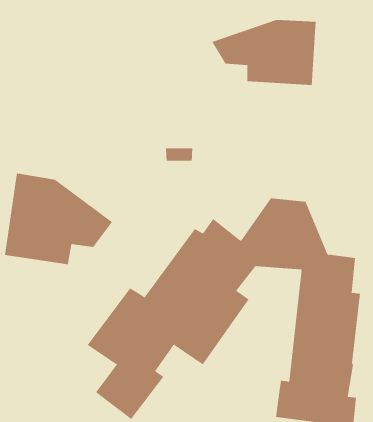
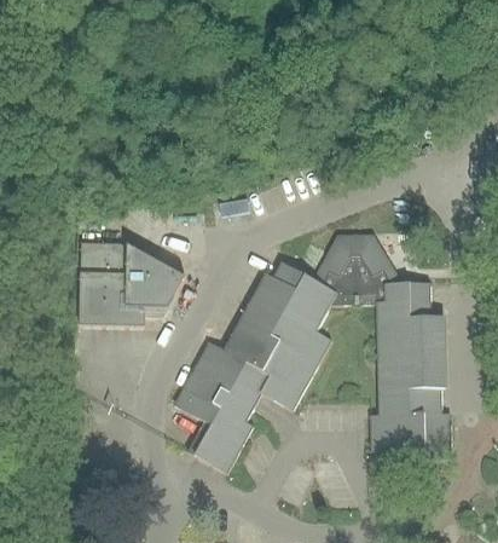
building: [211,19,316,86] -> none

